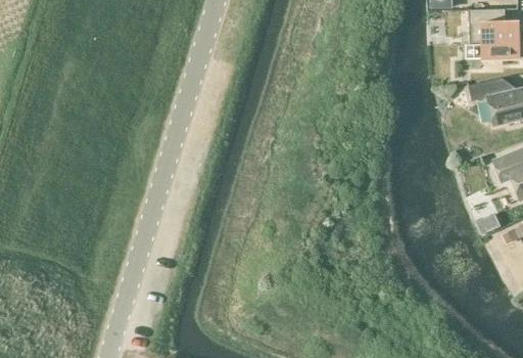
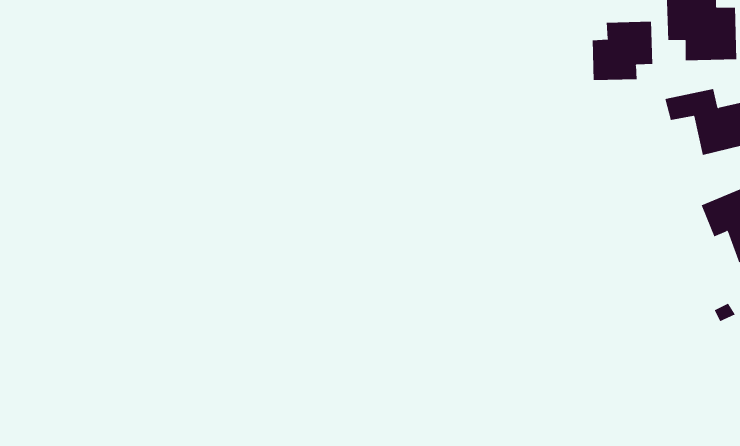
building: none -> [592,21,653,81]

